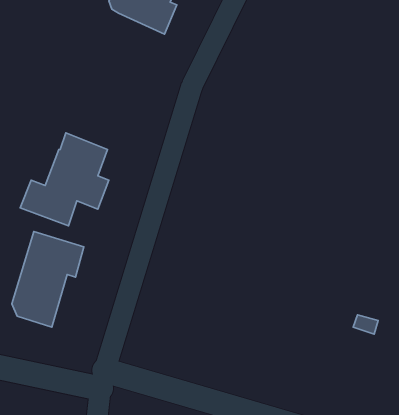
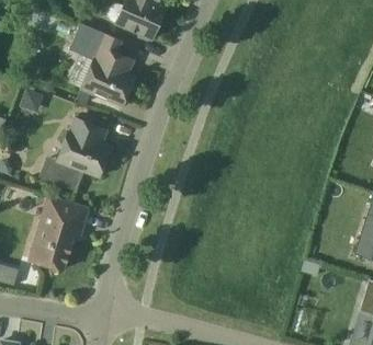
building: none -> [68,21,134,107]

